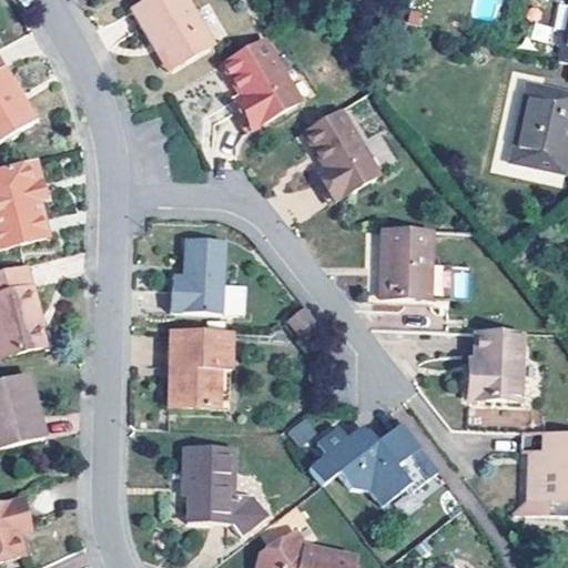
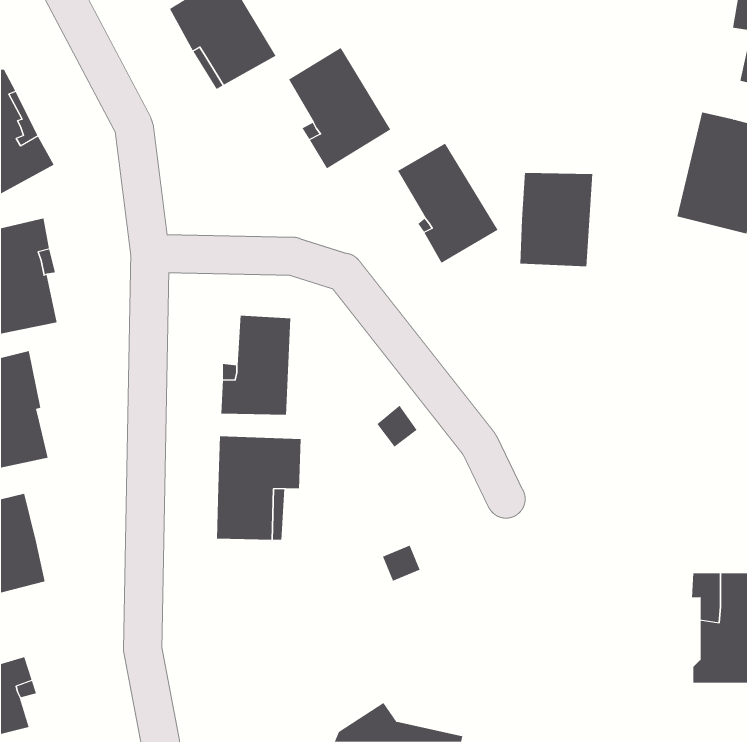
building: [379,227,435,298] -> [520,173,593,267]
building: [470,329,524,399] -> none
building: [306,418,435,501] -> none
building: [182,446,266,534] -> none

